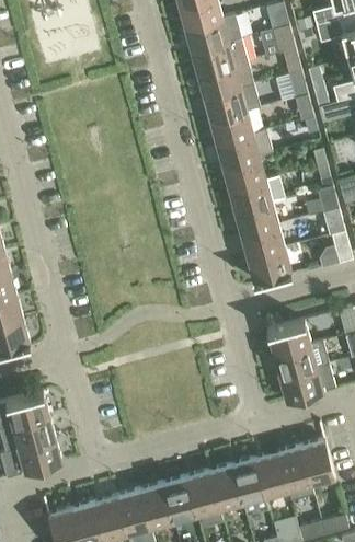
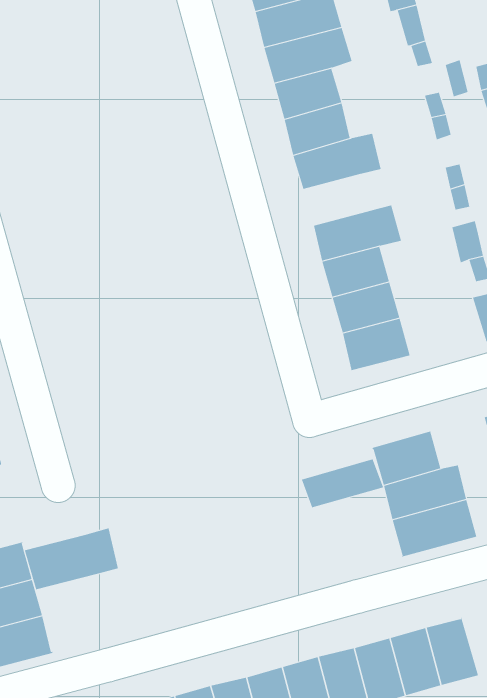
building: [221,157,265,189] -> none
building: none -> [301,459,384,508]
building: none -> [24,527,119,590]

